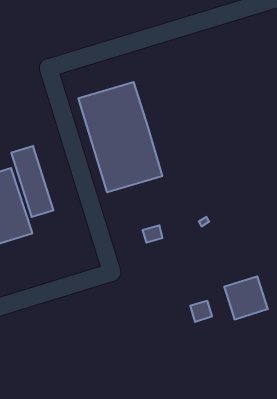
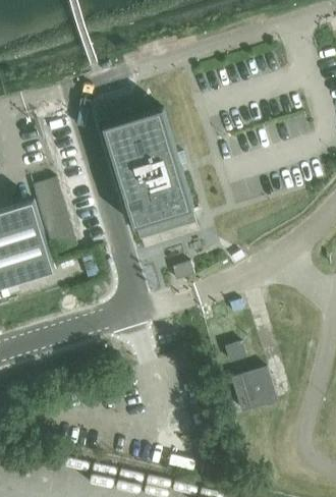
building: [224,276,268,319] -> [229,368,276,413]

